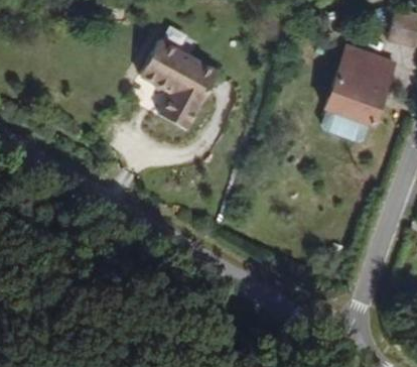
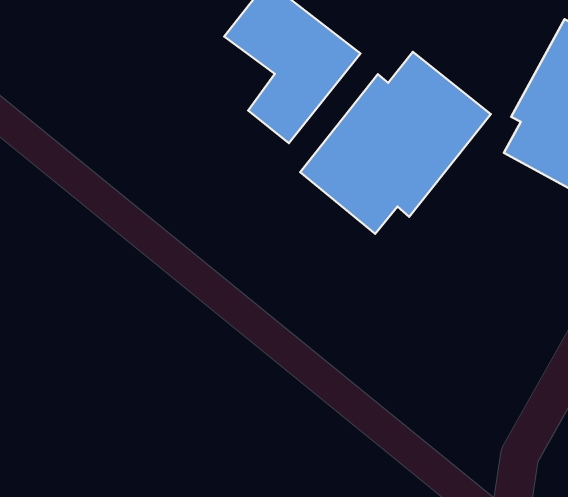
building: none -> [300,52,491,234]

